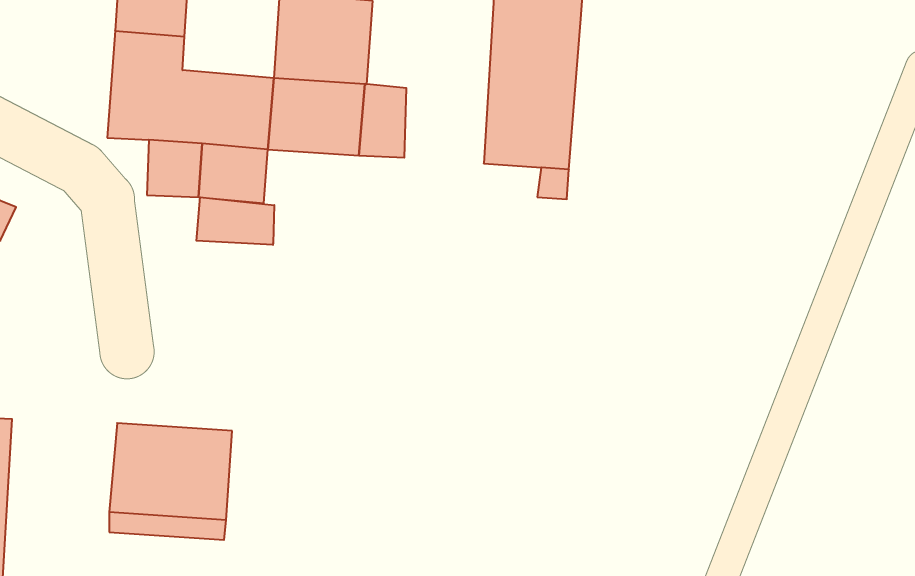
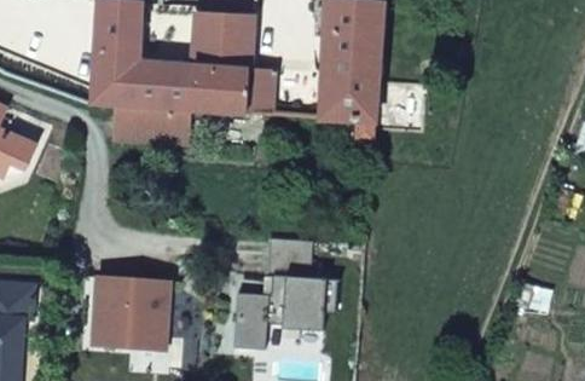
building: [196,197,274,245] -> none
building: none -> [236,237,322,344]

